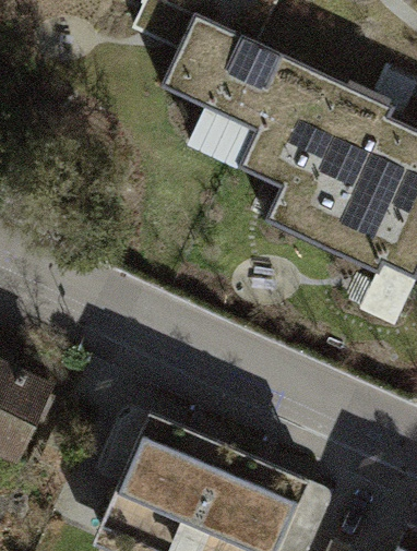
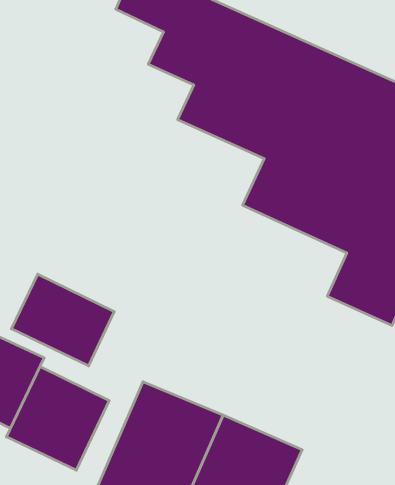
building: none -> [11,274,114,366]
building: none -> [6,367,109,470]

